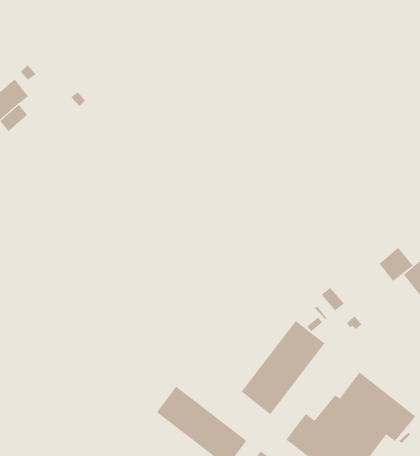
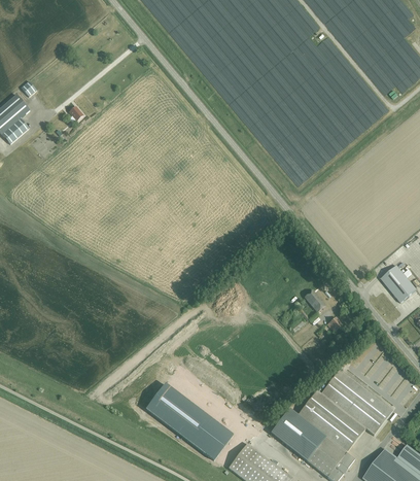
building: [379,247,414,282] -> none
building: [241,320,325,415] -> none

